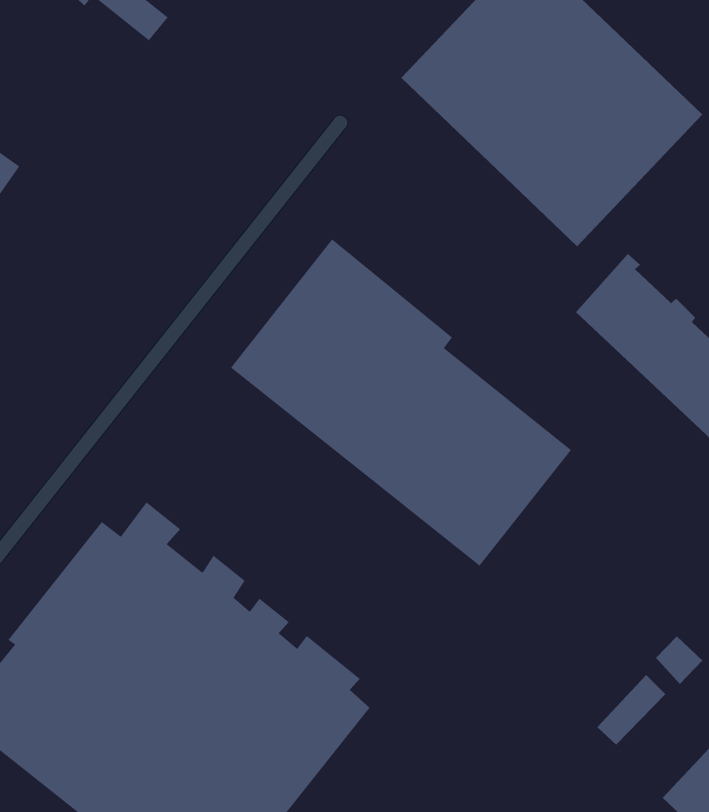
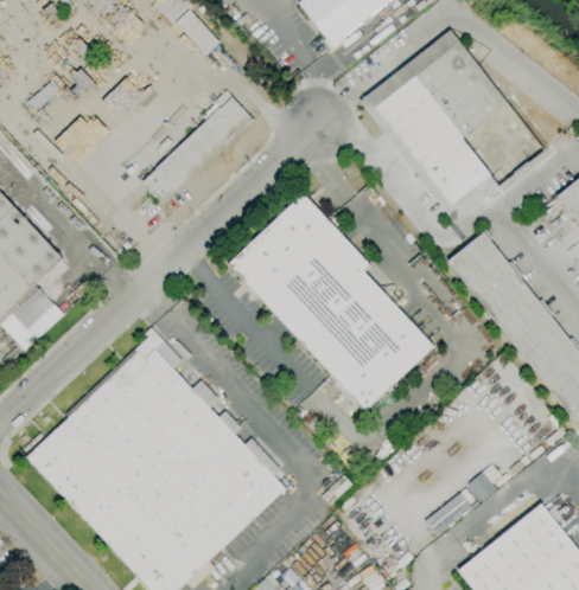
building: none -> [144,97,253,203]

